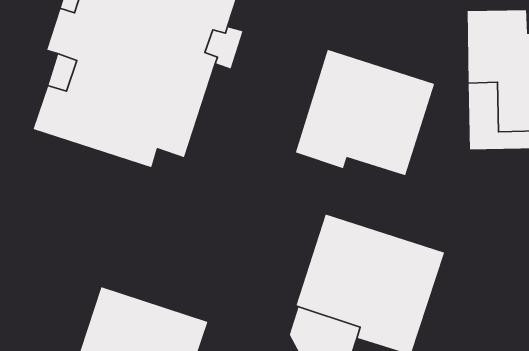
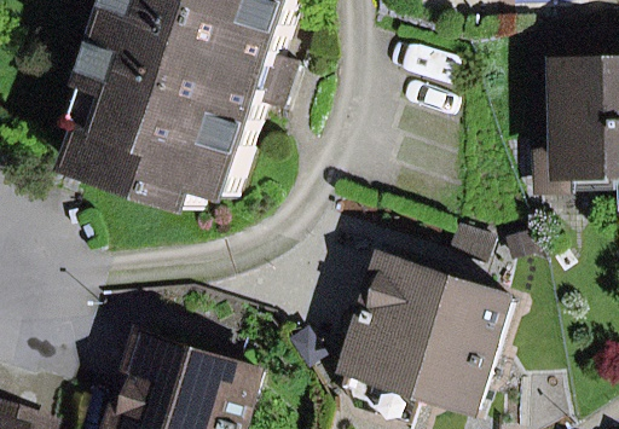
building: [295,49,435,176] -> none

